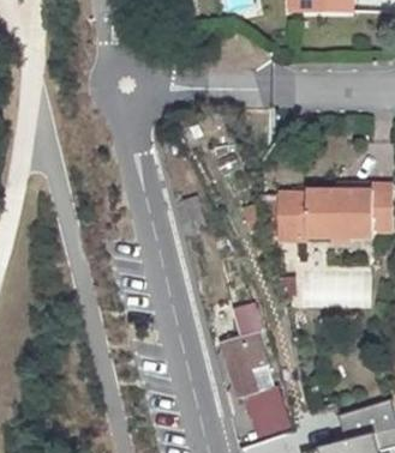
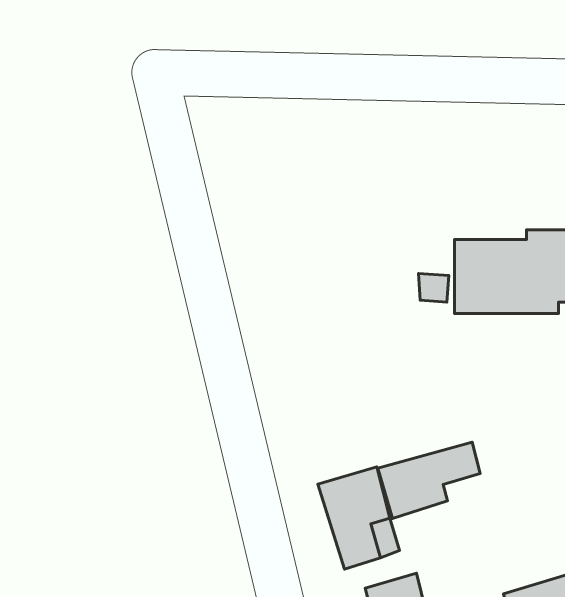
building: none -> [378,442,480,518]

